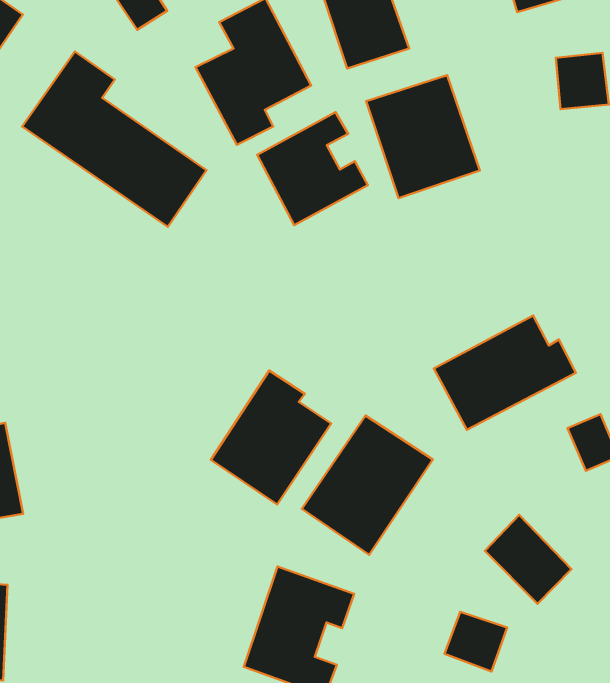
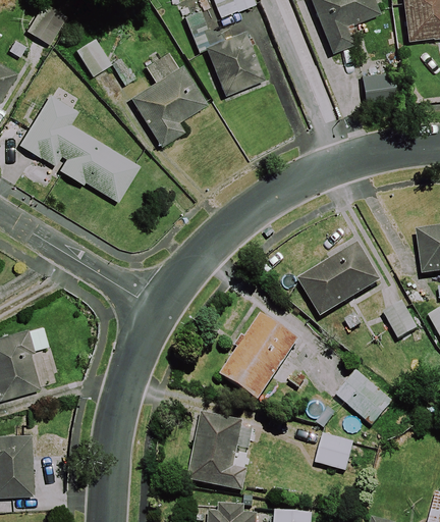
building: [366,75,480,198] -> none
building: [257,112,368,225] -> none
building: [211,370,331,504] -> none

